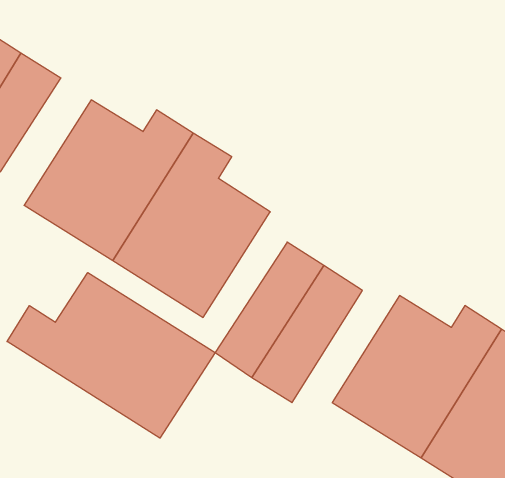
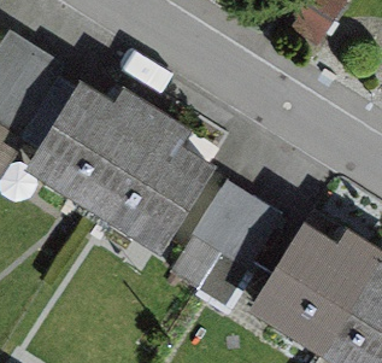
building: [7,273,215,438] -> none

